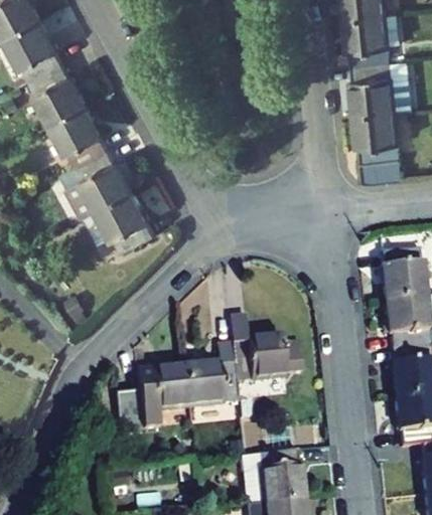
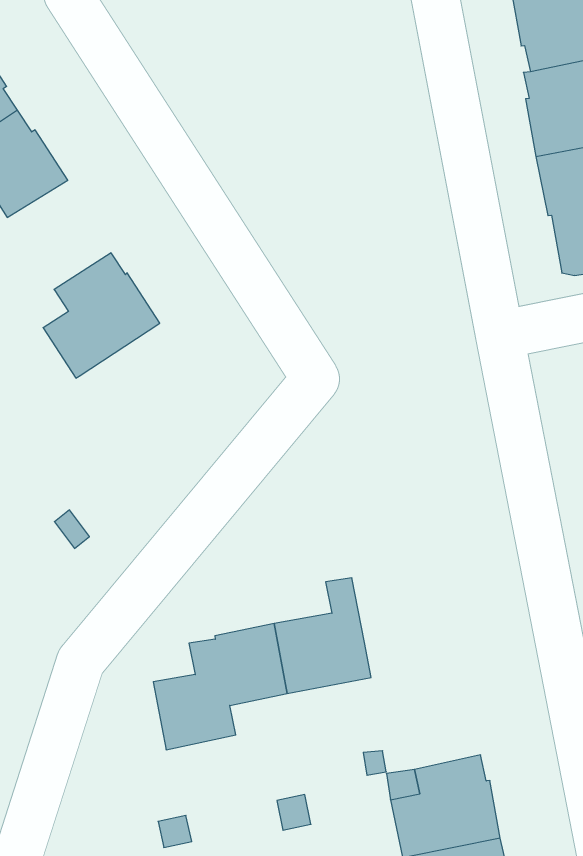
building: [51,106,109,167] -> none
building: [85,191,154,253] -> none
building: [227,318,297,382] -> none

